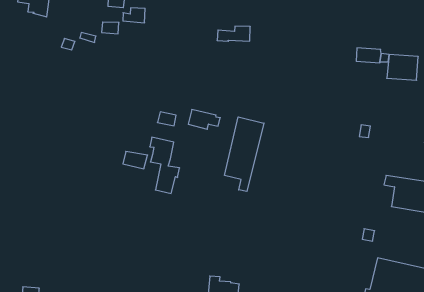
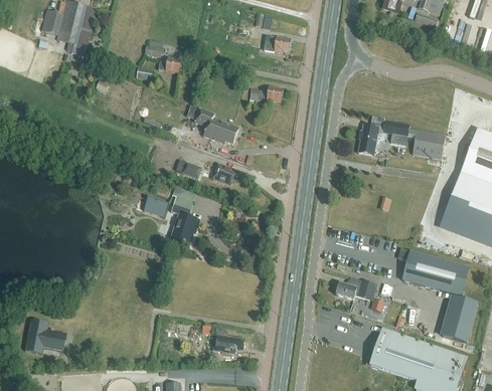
building: none -> [358,116,385,155]
building: none -> [196,108,239,144]
building: [225,117,264,191] -> none
building: none -> [337,280,377,300]

